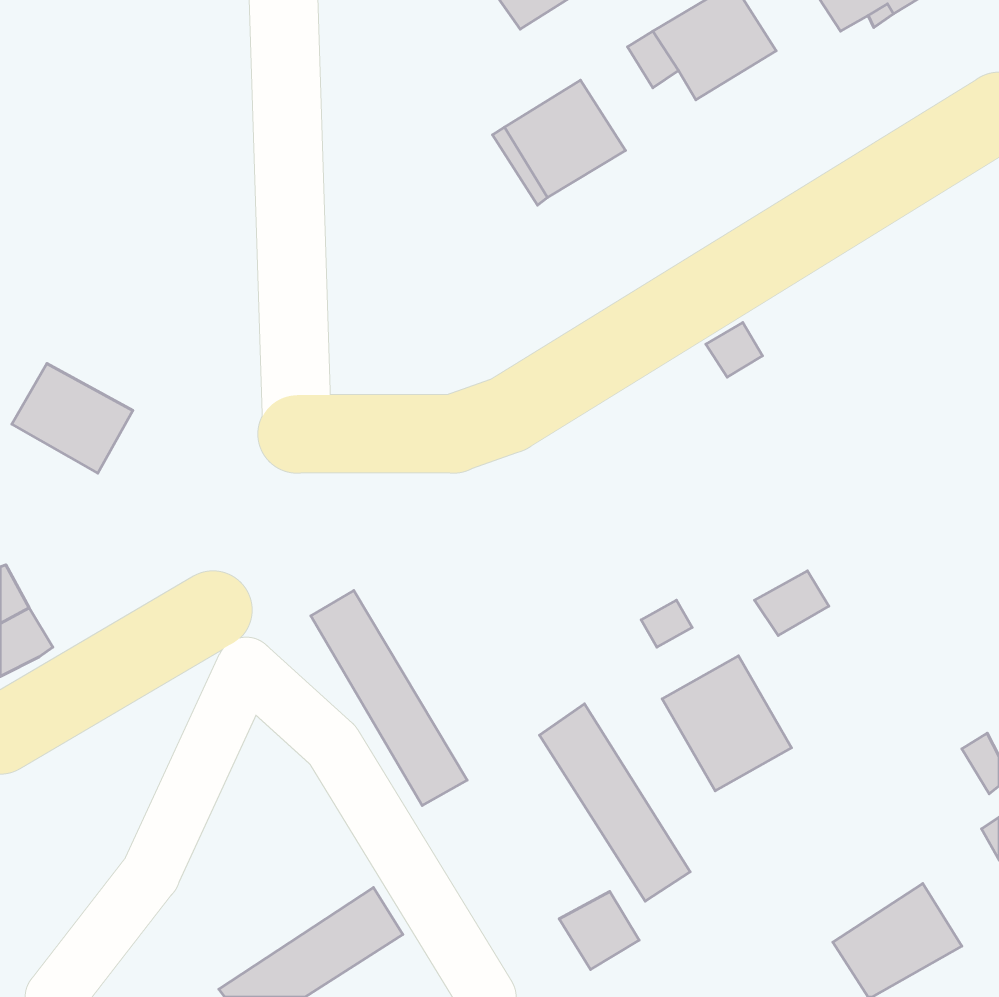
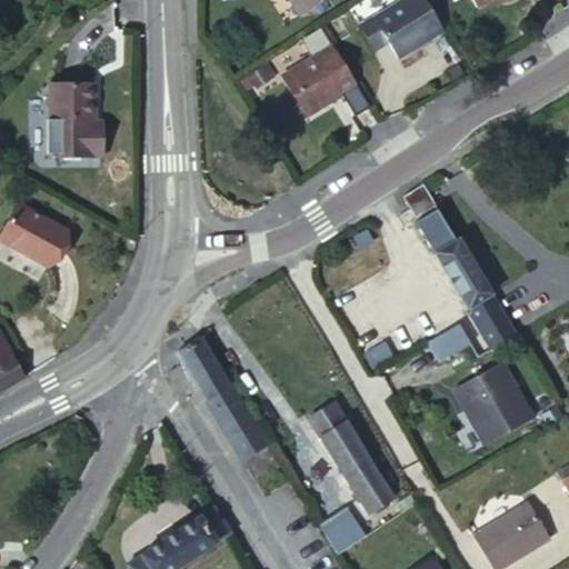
building: none -> [51,84,107,158]
building: none -> [417,208,515,347]
building: [662,656,791,791] -> [459,363,532,440]

